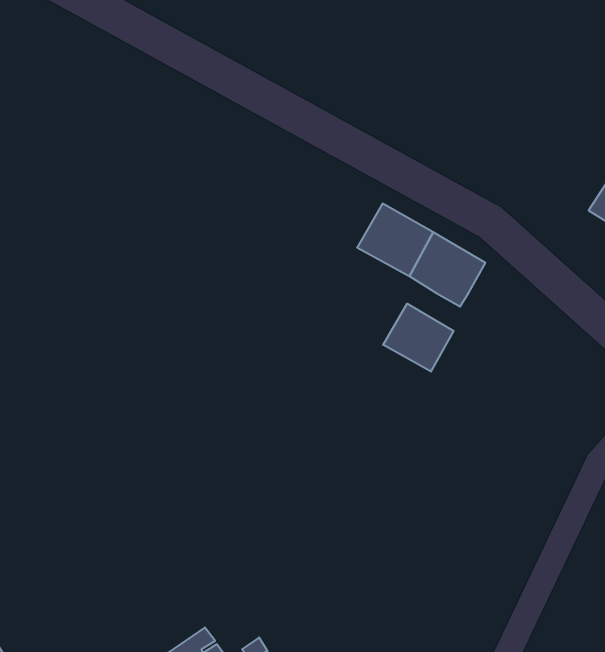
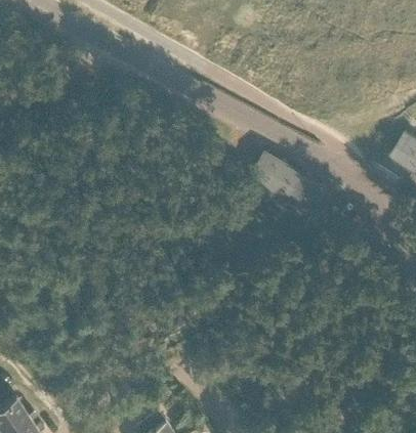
building: [383,304,454,372] -> none

